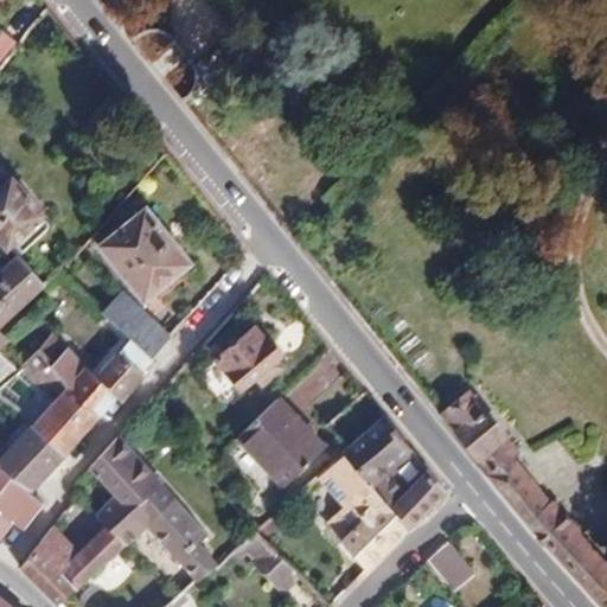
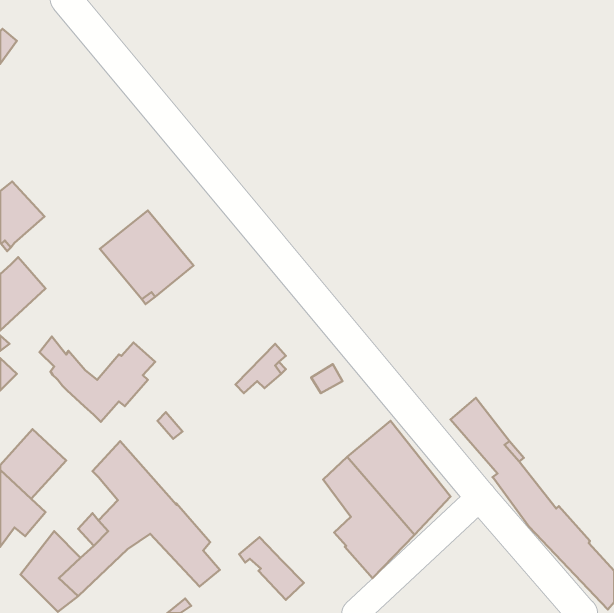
building: [103,292,170,357] -> none
building: [215,324,271,379] -> none
building: [17,347,100,454] -> none
building: [238,398,324,485] -> none
building: [427,541,474,593] -> none

